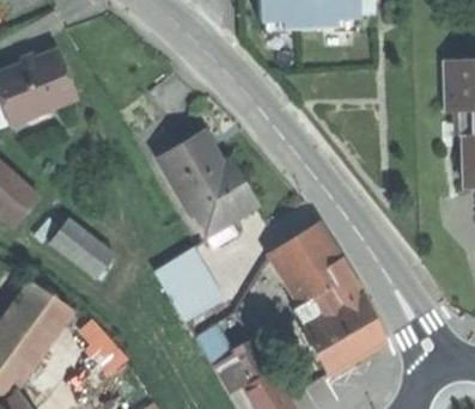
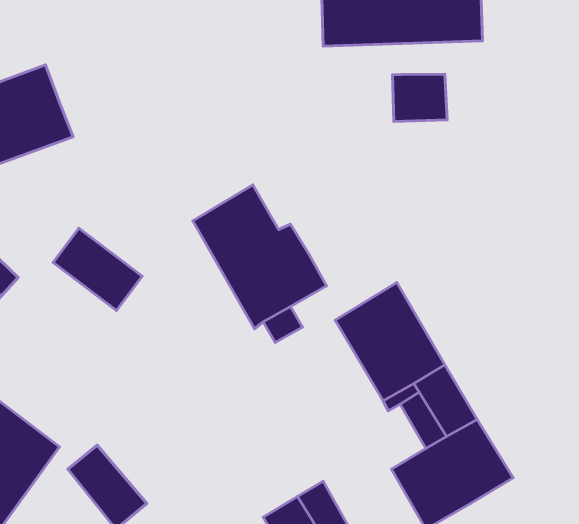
building: none -> [393,74,447,122]
building: [53,220,115,277] -> [53,228,142,310]
building: [158,251,221,319] -> none

